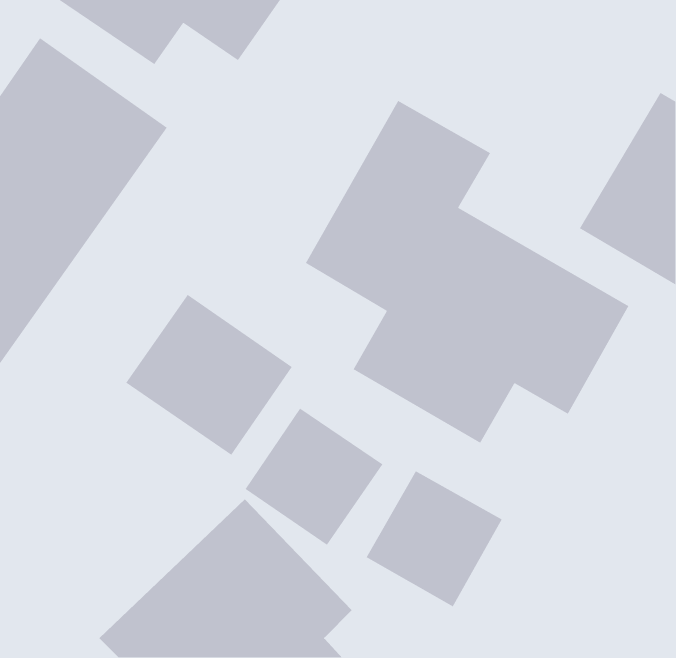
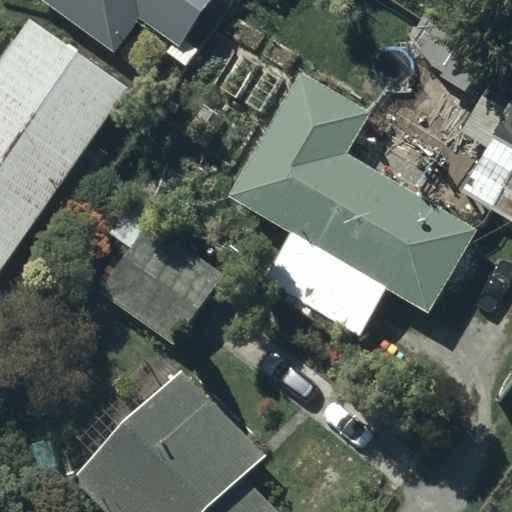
building: [245,408,383,546] -> none
building: [366,470,503,608] -> none

